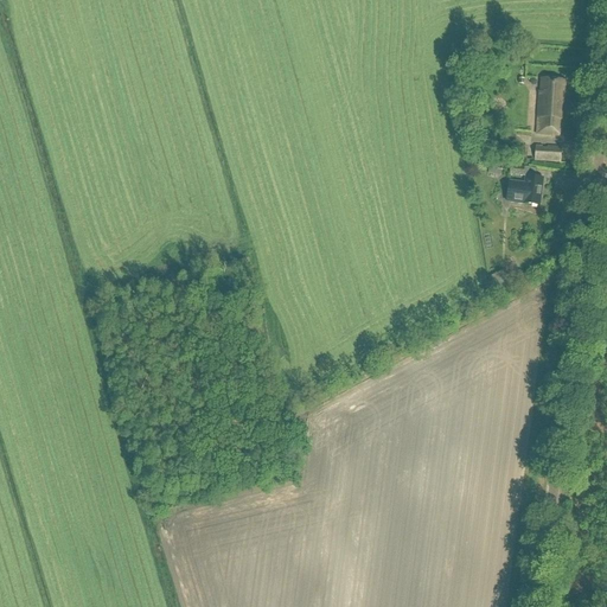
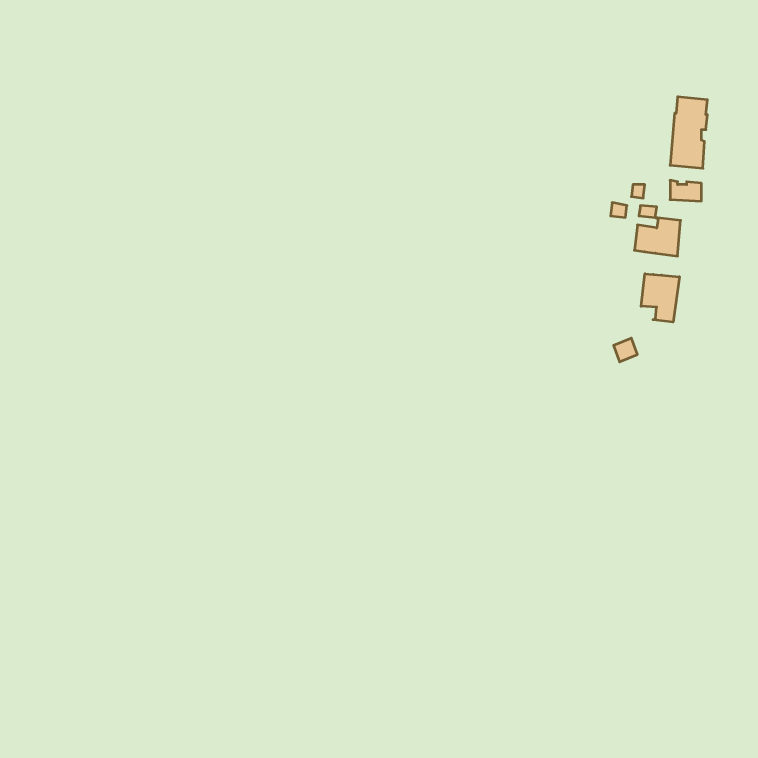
building: none -> [641,274,679,322]

